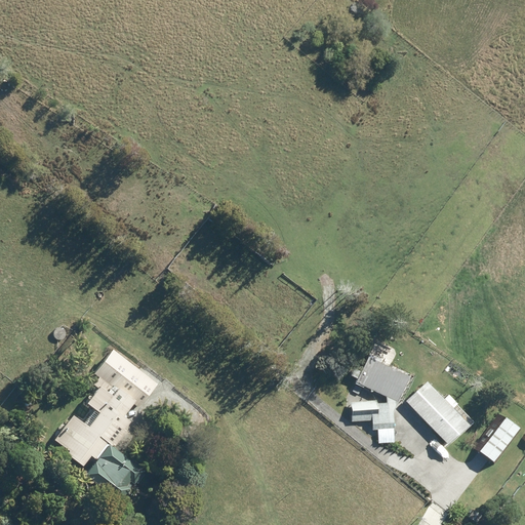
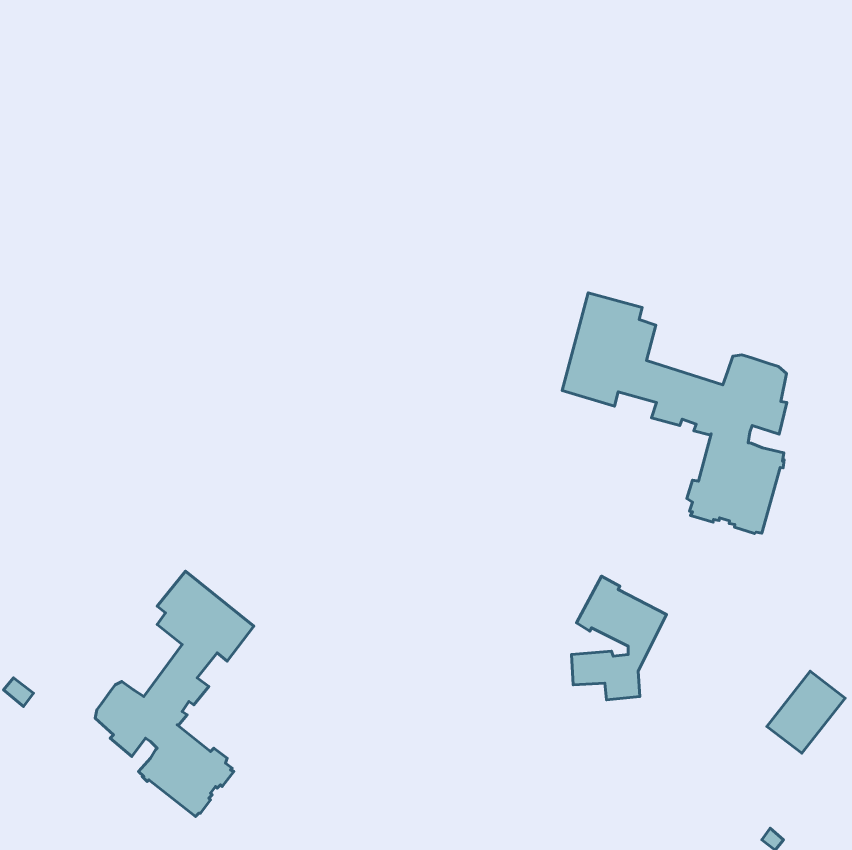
building: none -> [562,293,787,533]
building: [405,380,473,445] -> none

